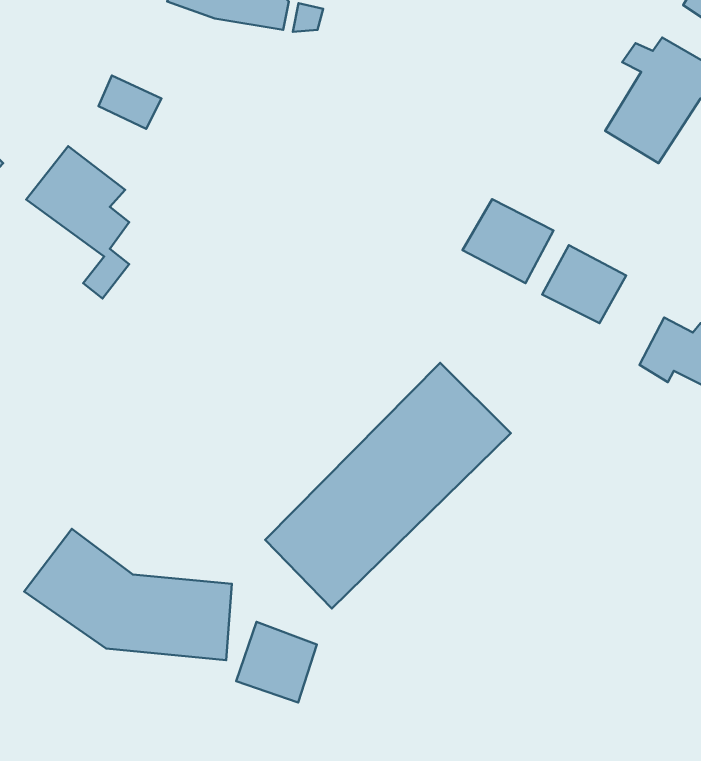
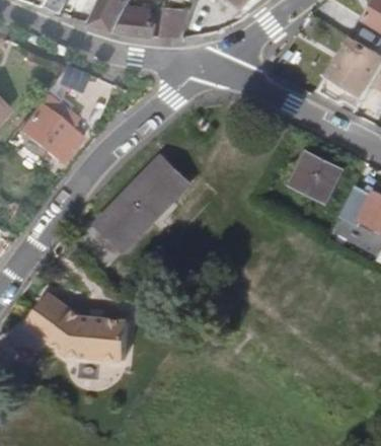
building: [463,199,553,283] -> none
building: [265,363,511,608] -> [65,142,196,273]
building: [236,622,317,703] -> none

